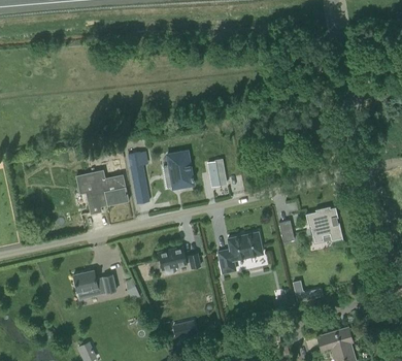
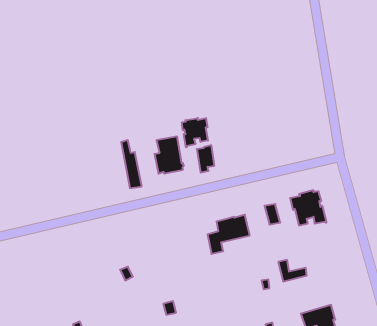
building: none -> [182,118,208,147]
building: [76,171,129,215] -> none
building: [159,248,200,270] -> none
building: [73,271,115,300] -> none

